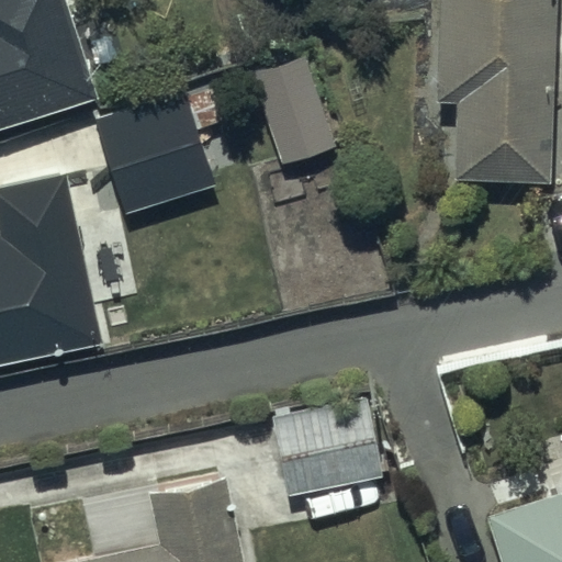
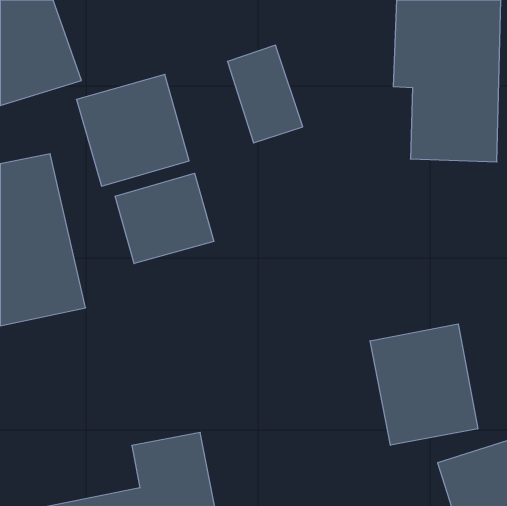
building: none -> [115,173,214,264]
building: none -> [370,324,478,445]
building: [269,398,383,498] -> none

